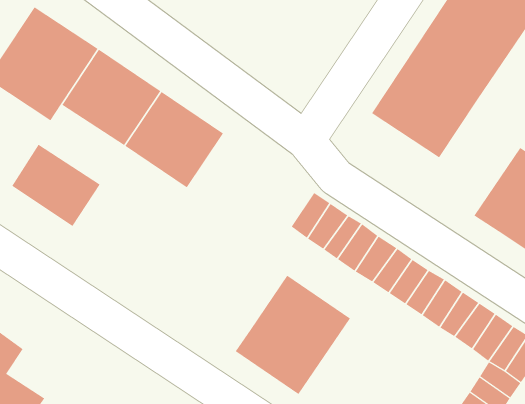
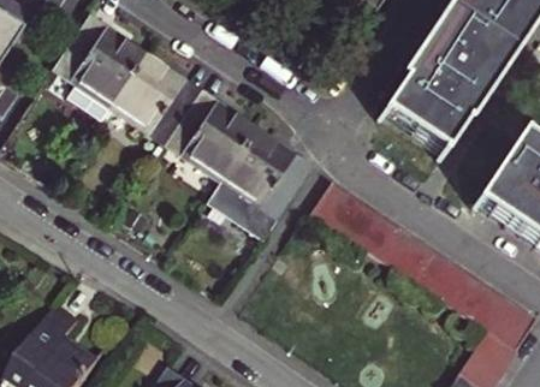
building: [11,144,101,227] -> none
building: [235,275,351,395] -> [207,131,309,237]

